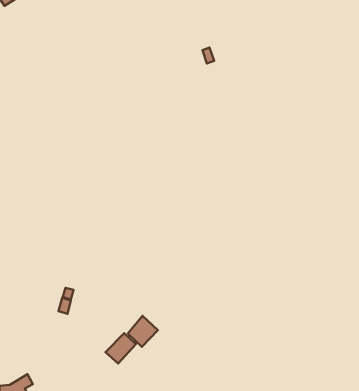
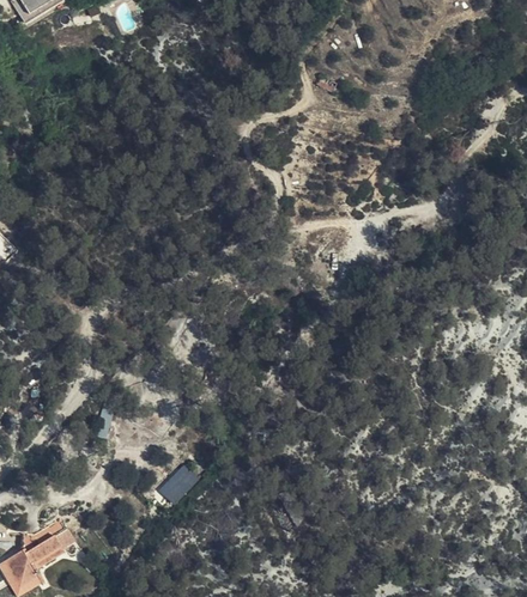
building: [128,316,158,347] -> none

